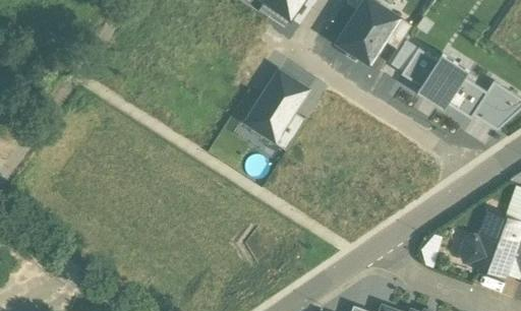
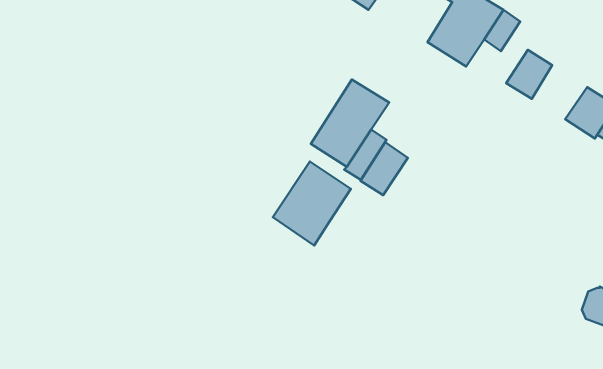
building: [417,53,469,109] -> none
building: none -> [361,142,408,195]
building: none -> [273,162,351,246]

